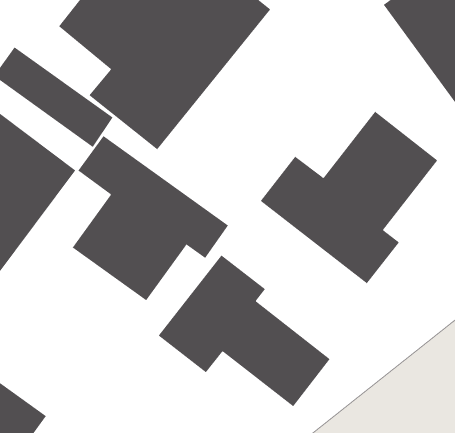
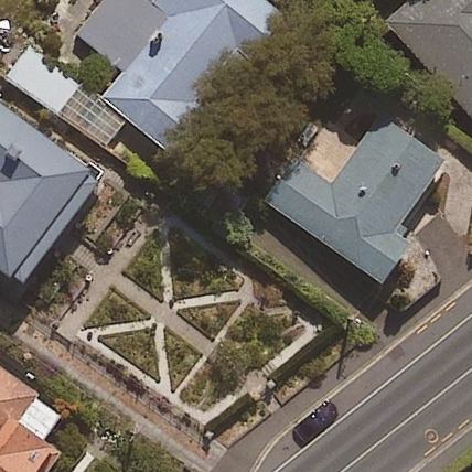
building: [72,135,229,301] -> none
building: [158,254,331,407] -> none

